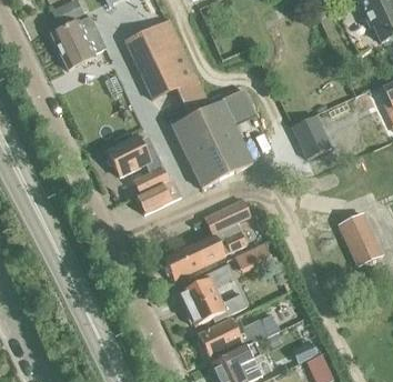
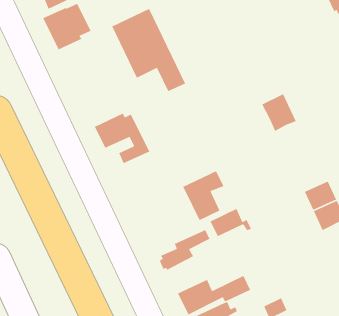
building: [171,87,256,187] -> none
building: [137,177,182,213] -> none
building: [163,237,224,280] -> none
building: [187,292,250,325] -> none

